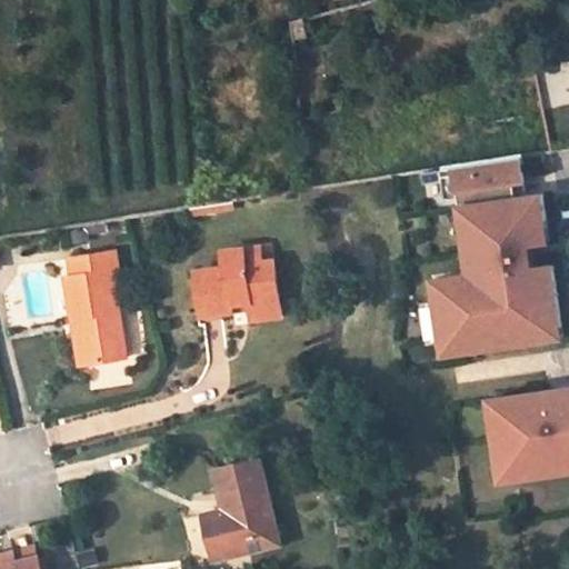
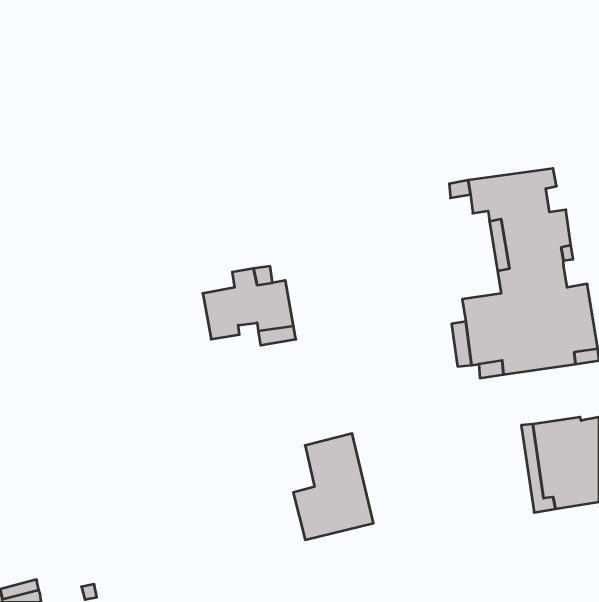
building: [61,244,119,356] -> none
building: [202,459,278,559] -> [293,434,373,540]

